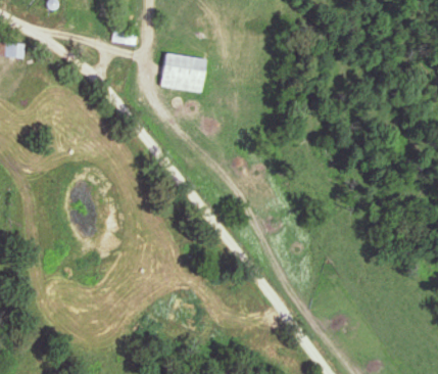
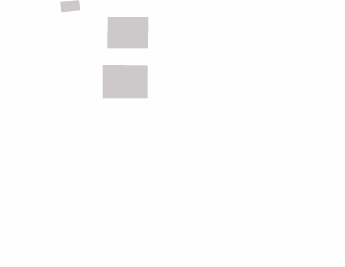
building: none -> [102,64,148,99]

